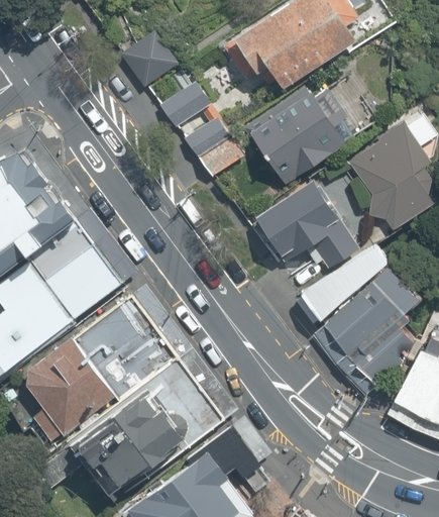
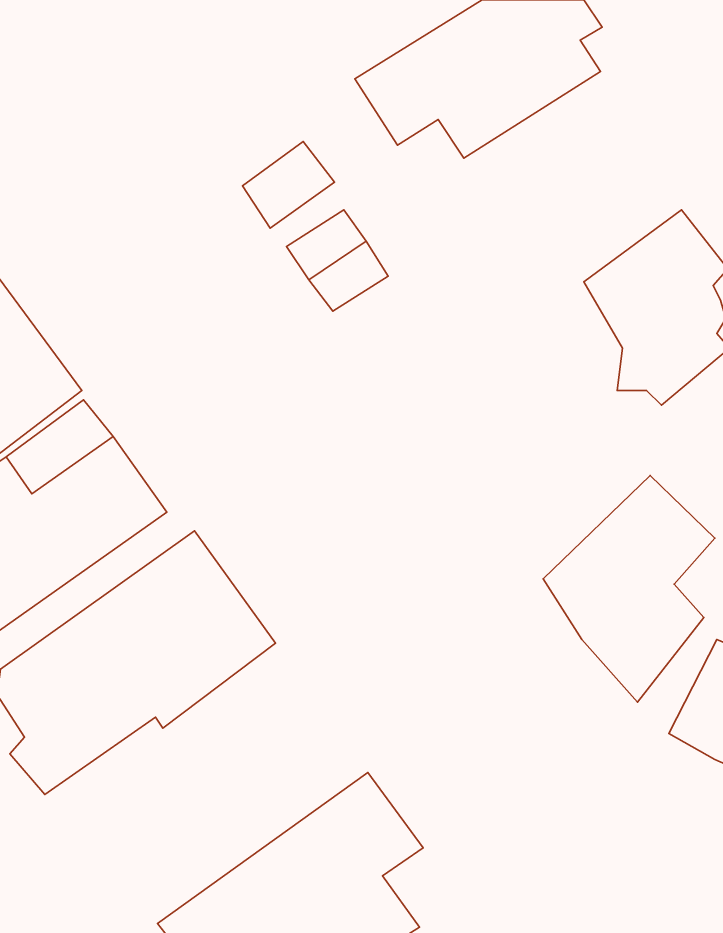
building: [121,26,183,87] -> none
building: [245,87,349,188] -> none
building: [253,182,353,270] -> none
building: [304,238,383,315] -> none
building: [67,355,227,502] -> none

